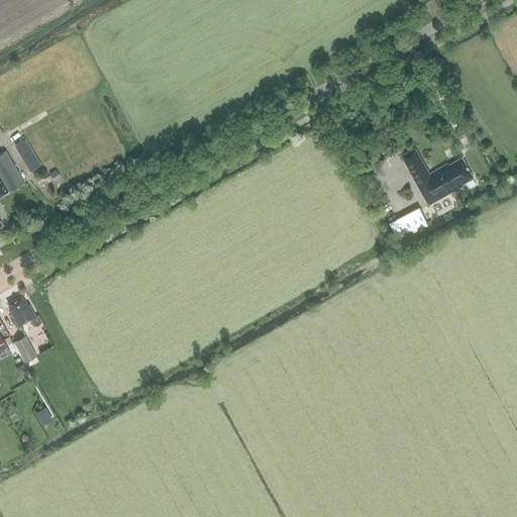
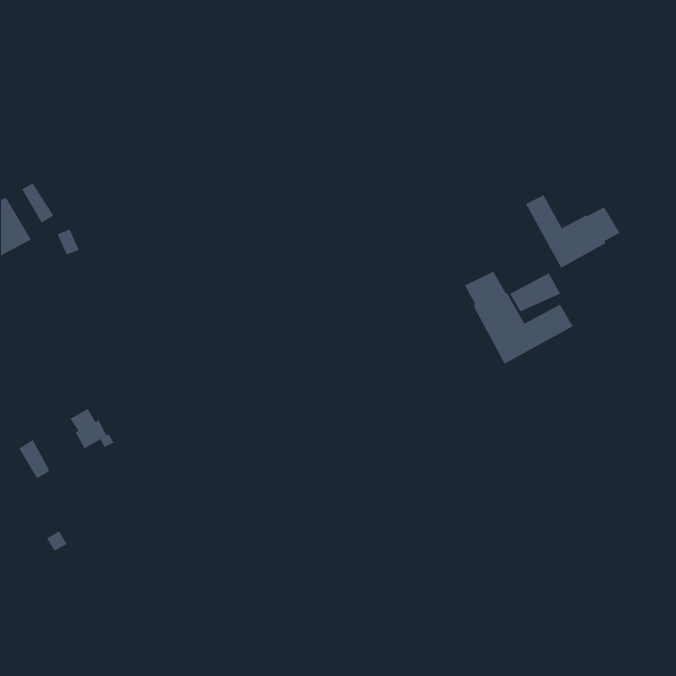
building: none -> [464,271,574,365]
building: [7,296,41,327] -> [70,408,115,449]

